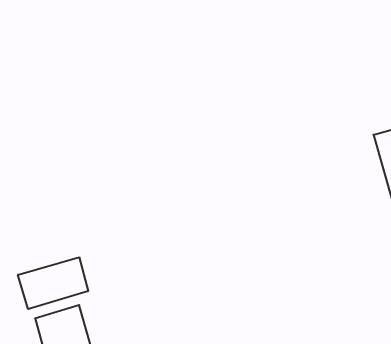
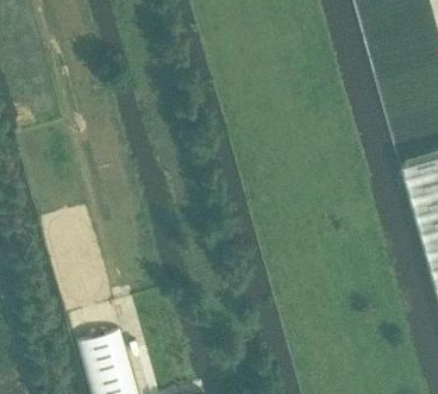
building: [18,257,88,309] -> none

